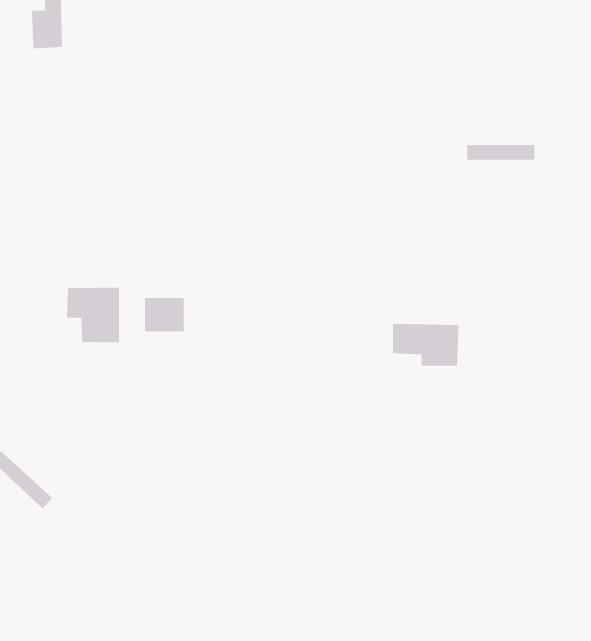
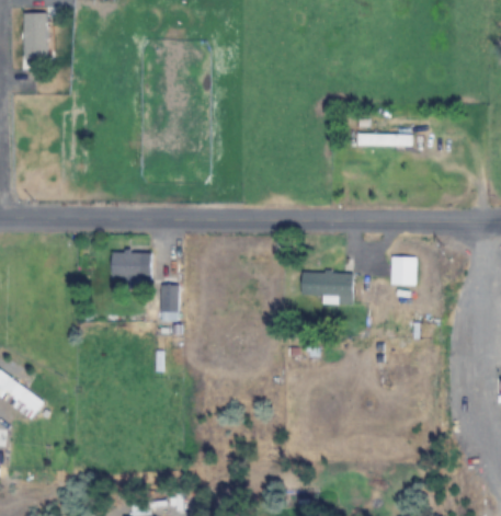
building: [67,287,119,343] -> none
building: none -> [390,256,415,285]
building: none -> [160,285,177,320]

